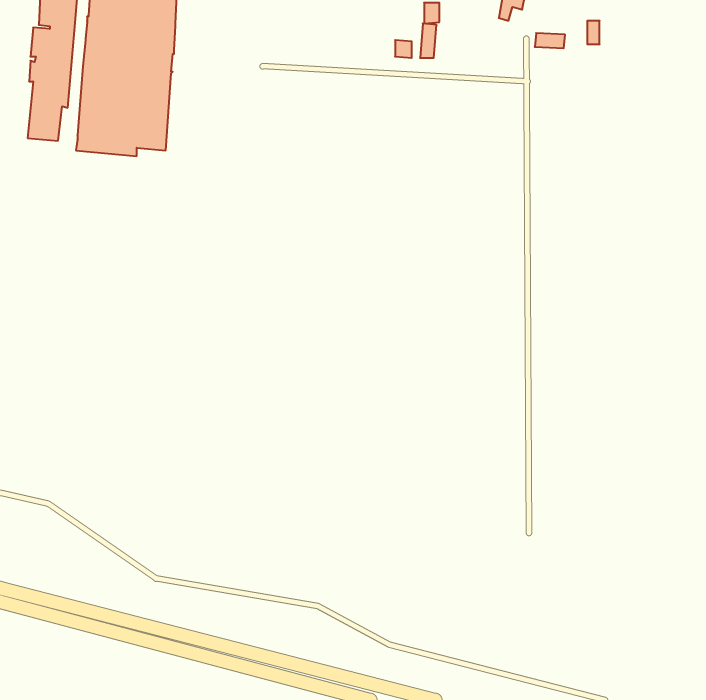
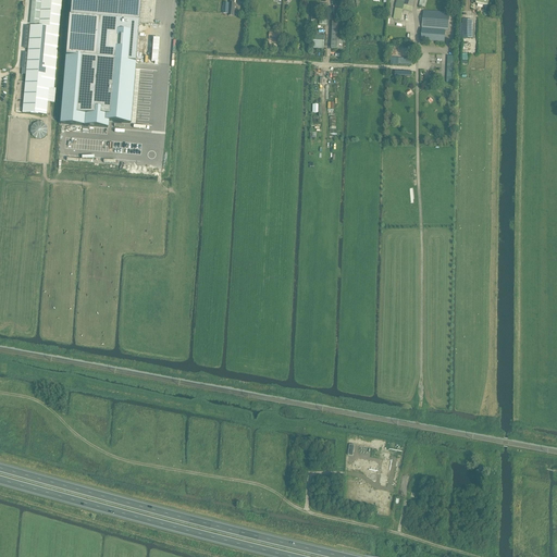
building: none -> [422,8,449,27]

